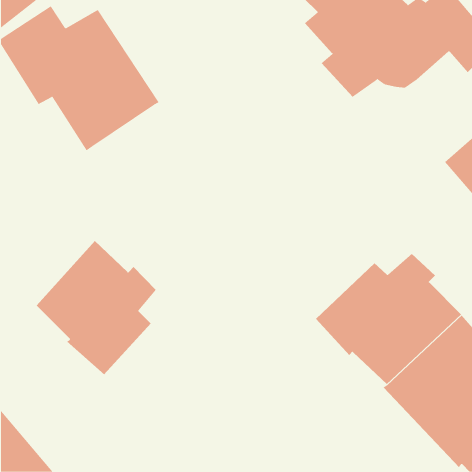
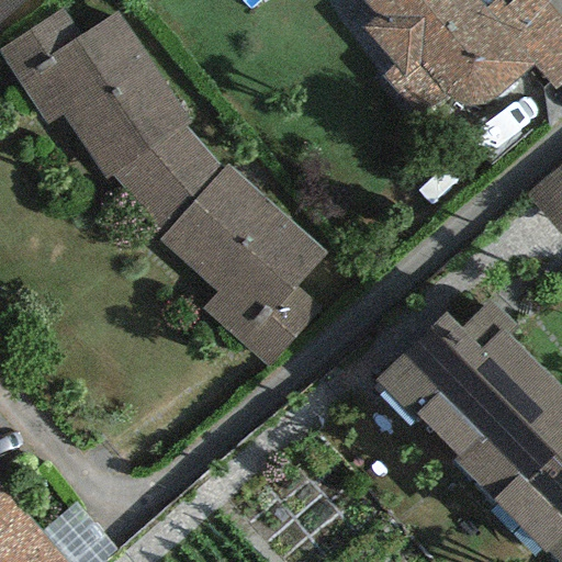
building: none -> [112,124,328,366]
building: [36,240,157,375] -> none

